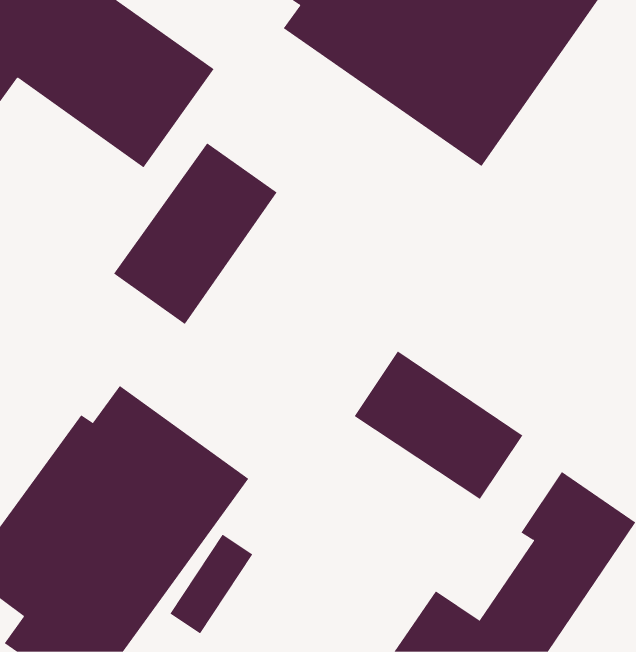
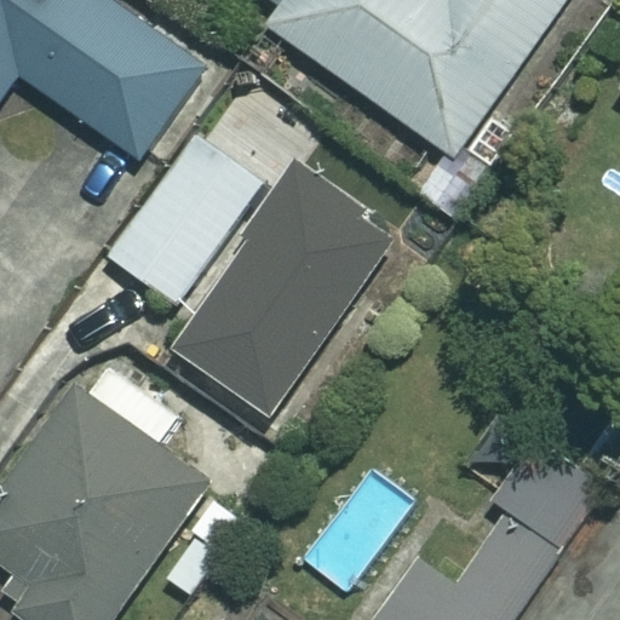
building: none -> [177,166,391,415]
building: [354,350,523,500] -> none

